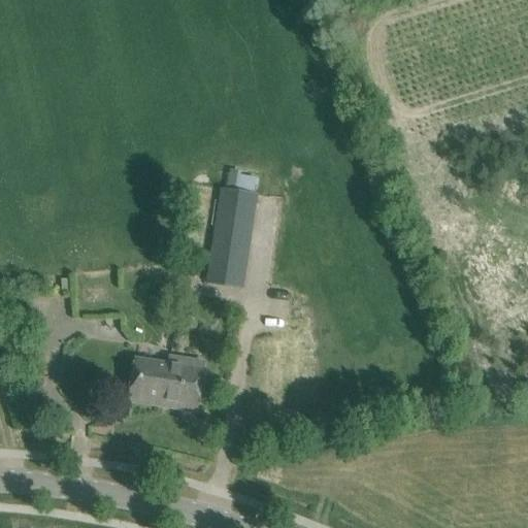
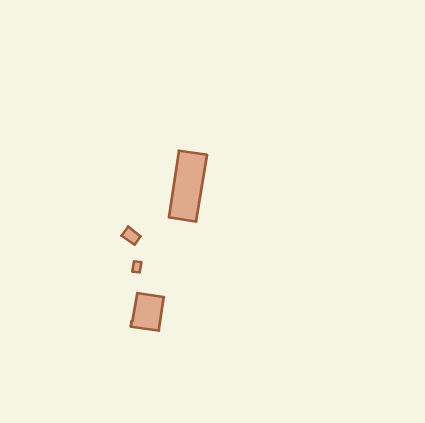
building: [131,359,170,398] -> none

